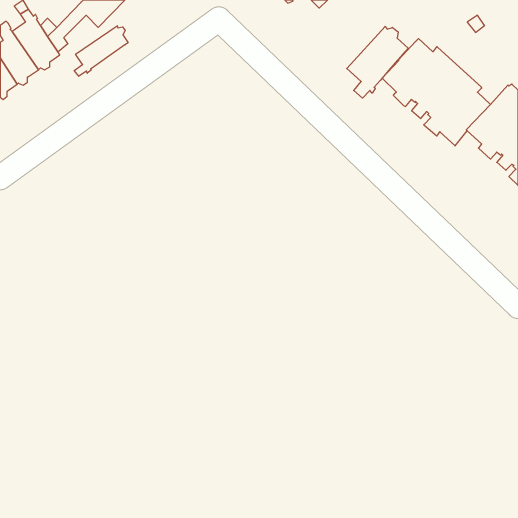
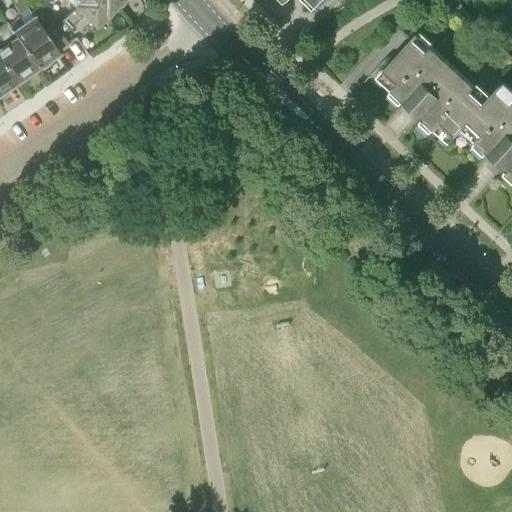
building: [74,26,128,76] -> none
building: [347,26,408,98] -> none

